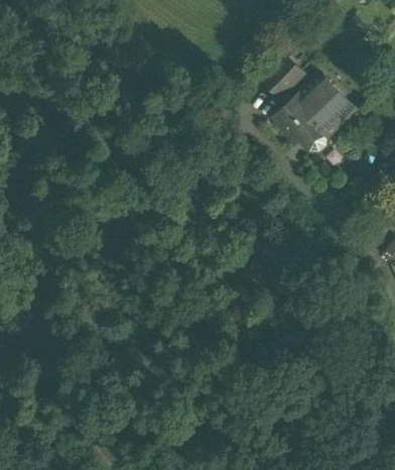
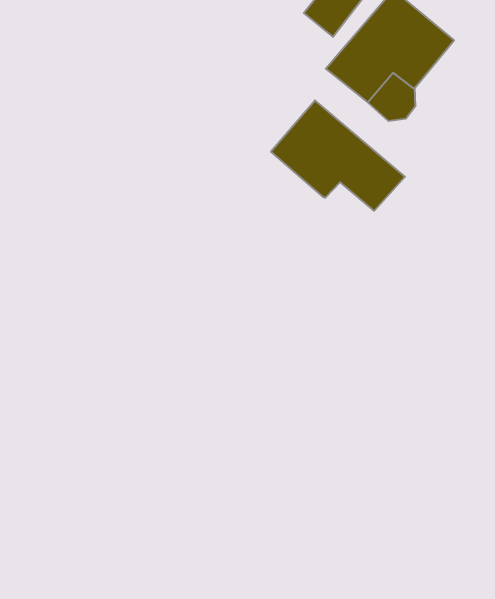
building: none -> [271,100,405,211]

